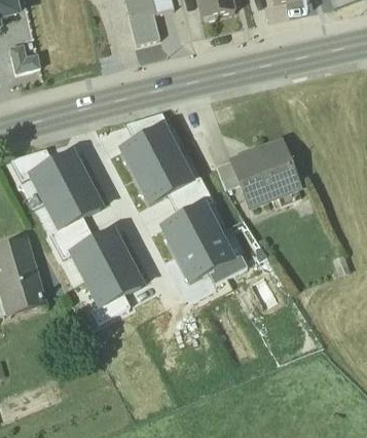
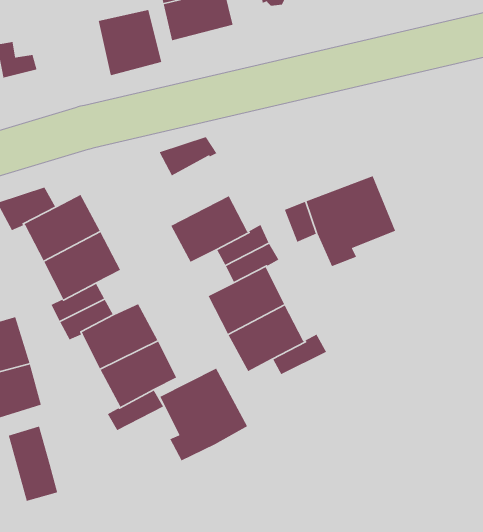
building: none -> [98,9,162,76]
building: [121,126,178,176] -> none
building: none -> [159,368,248,461]
building: none -> [8,426,58,502]

